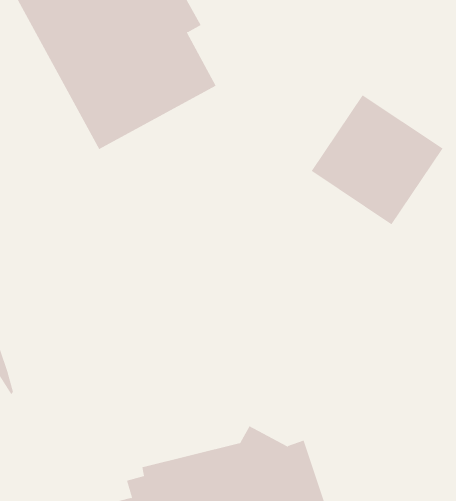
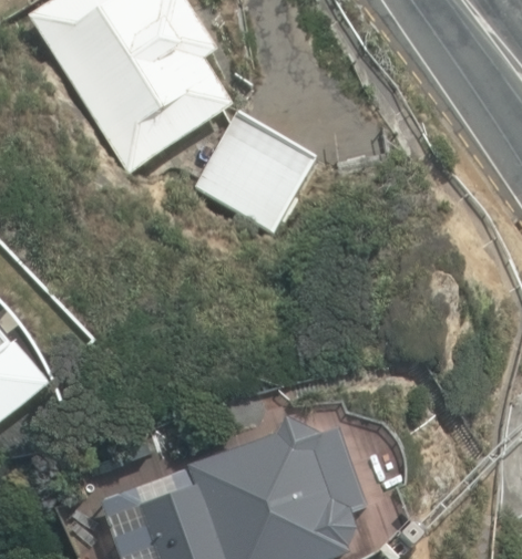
building: [311,94,443,225] -> [193,113,315,232]

